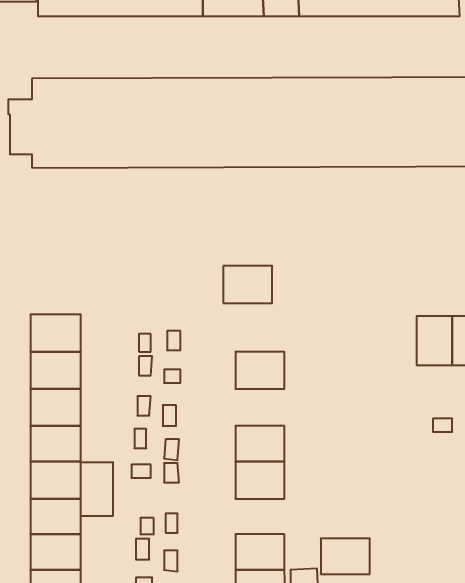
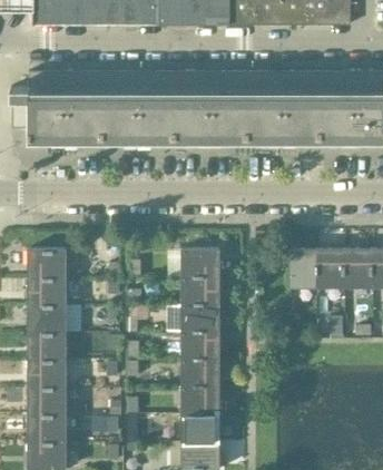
building: [223,266,272,303] -> [181,248,218,276]
building: none -> [288,249,317,286]
building: none -> [181,304,218,332]
building: [81,462,113,516] -> none
building: [321,538,370,574] -> [181,386,218,413]

